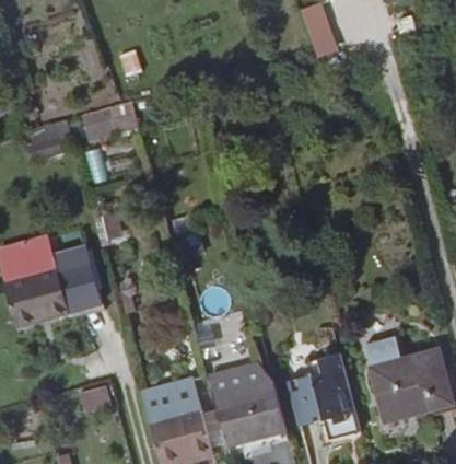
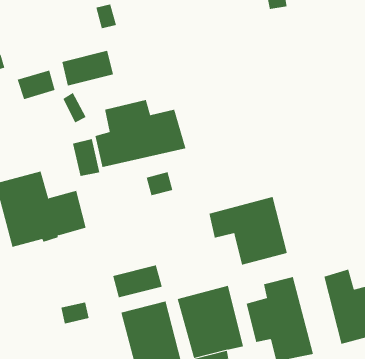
building: none -> [95,99,186,168]
building: none -> [209,196,288,266]
building: none -> [113,264,162,298]

